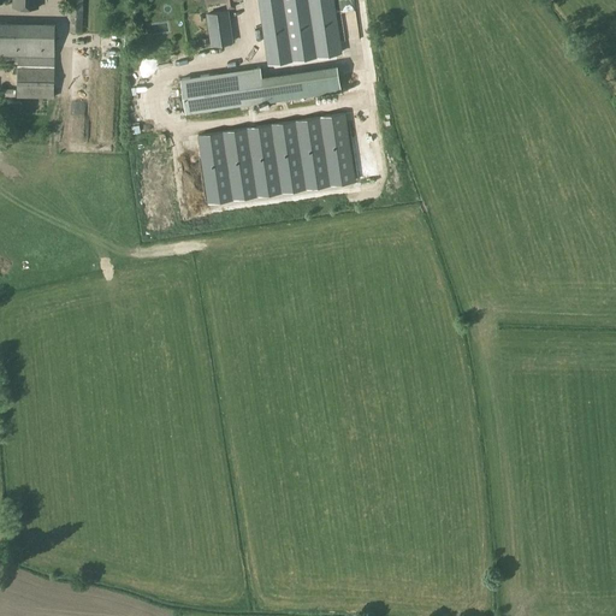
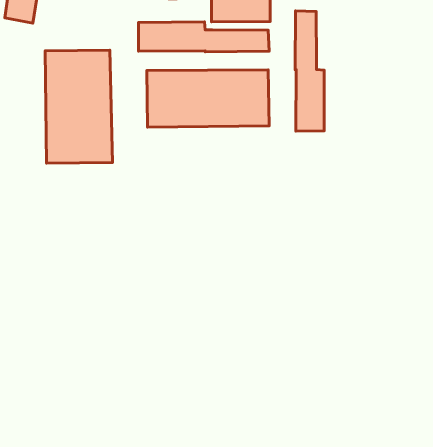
building: none -> [295,11,324,131]
building: none -> [45,50,112,163]

